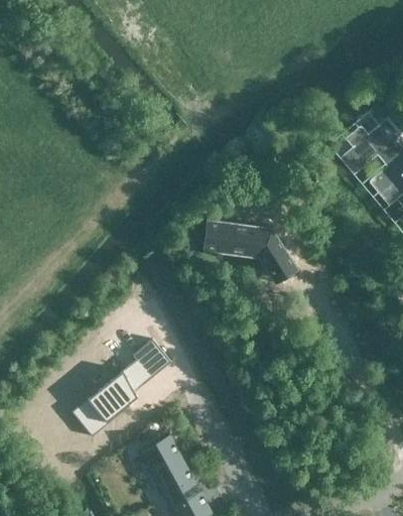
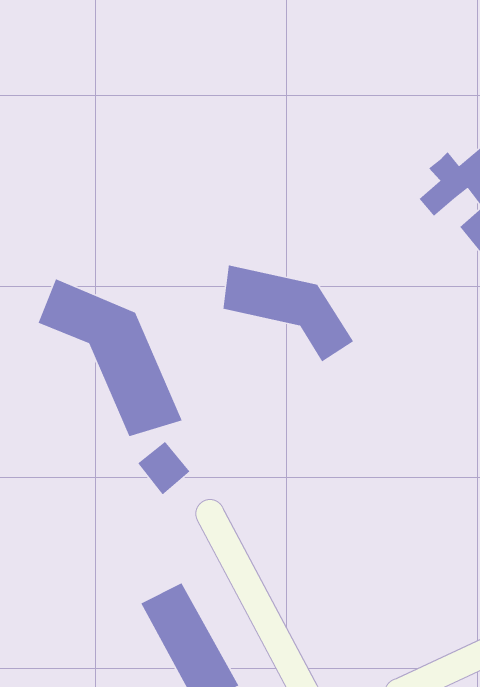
building: none -> [37,278,183,437]
building: [77,368,143,434] -> none

